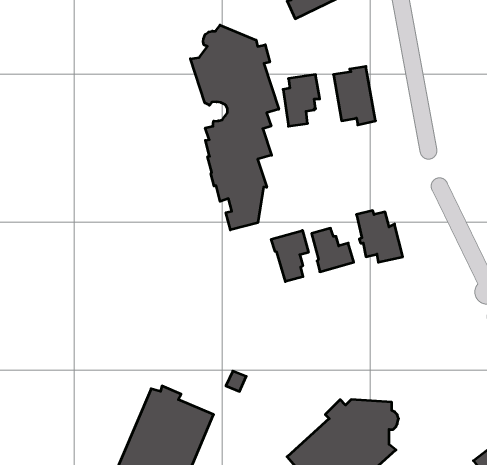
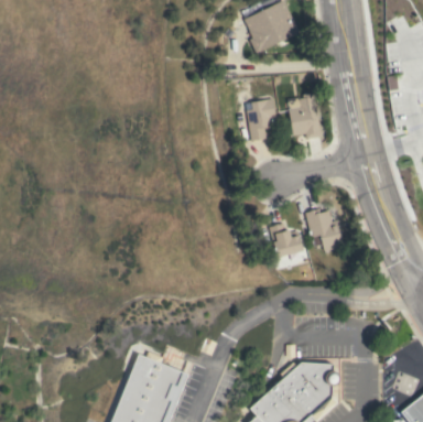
building: [190,25,279,230] -> none
building: [271,230,308,282] -> none

